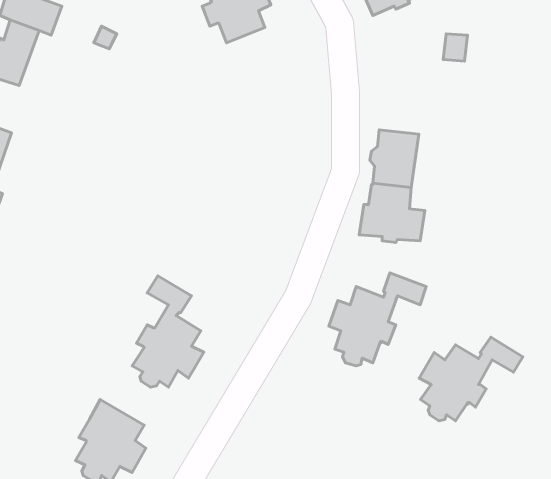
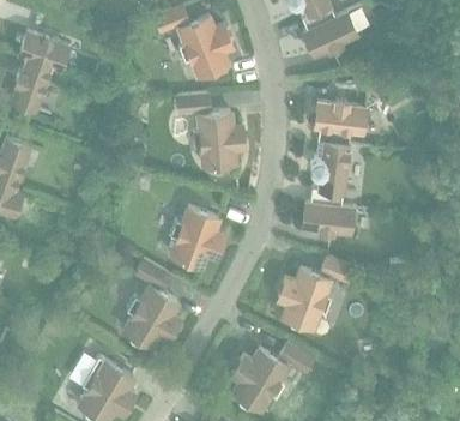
building: none -> [180,95,246,173]
building: none -> [315,102,367,149]
building: none -> [171,209,224,267]
building: [419,337,523,421] -> [232,344,314,410]

